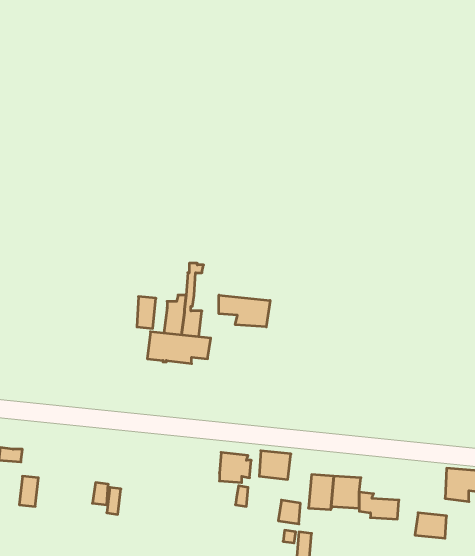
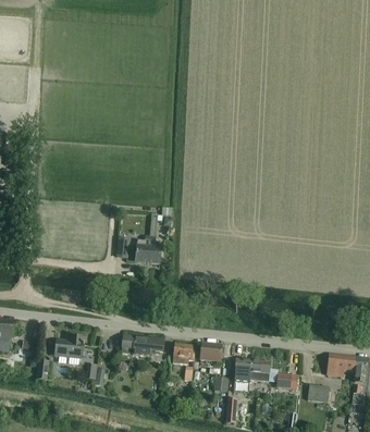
building: [219,295,270,327] -> none
building: [147,332,211,364] -> [122,335,165,357]
building: none -> [54,336,85,360]

